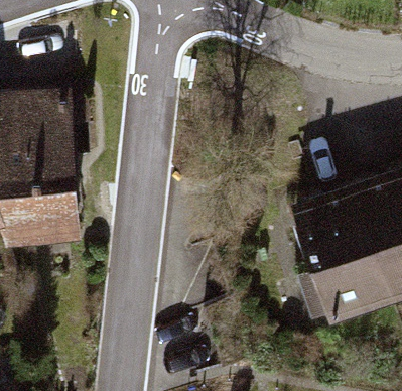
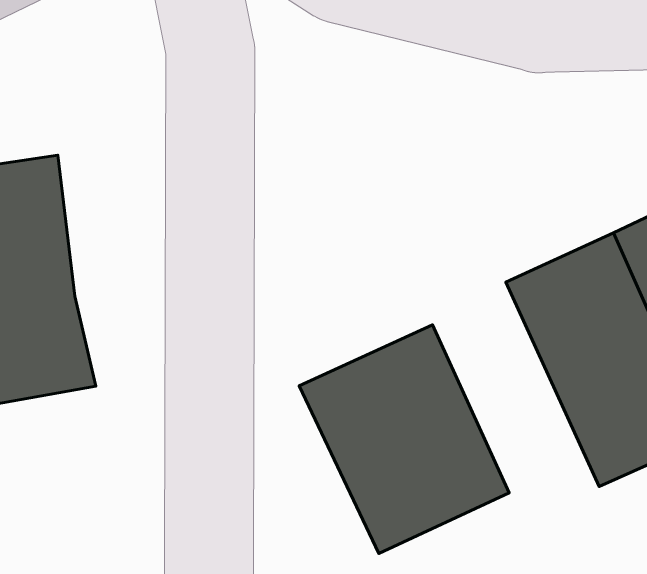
building: none -> [299,325,509,553]

